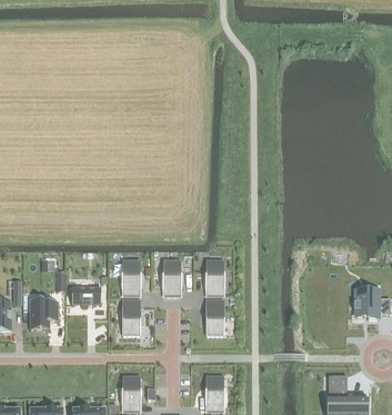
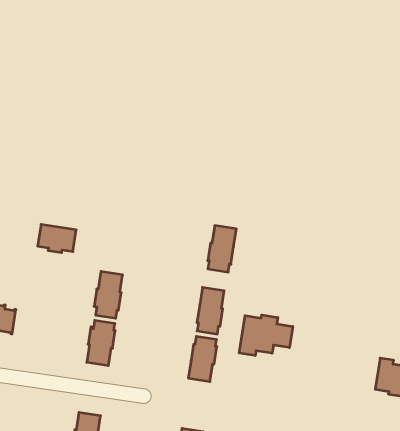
building: [162,259,181,295] -> [208,226,236,272]
building: none -> [239,315,293,356]
building: [72,286,101,306] -> [38,224,76,253]

